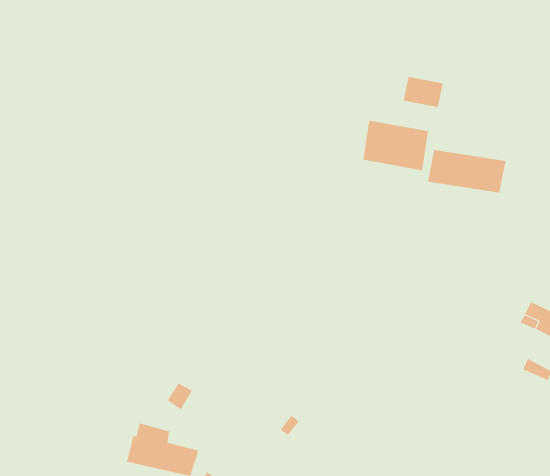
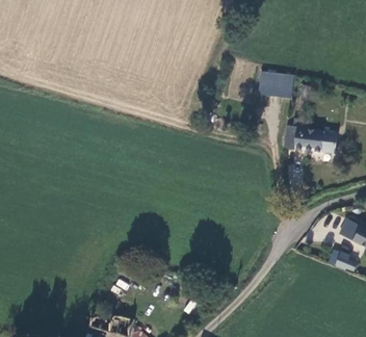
building: [363,120,429,171] -> none

